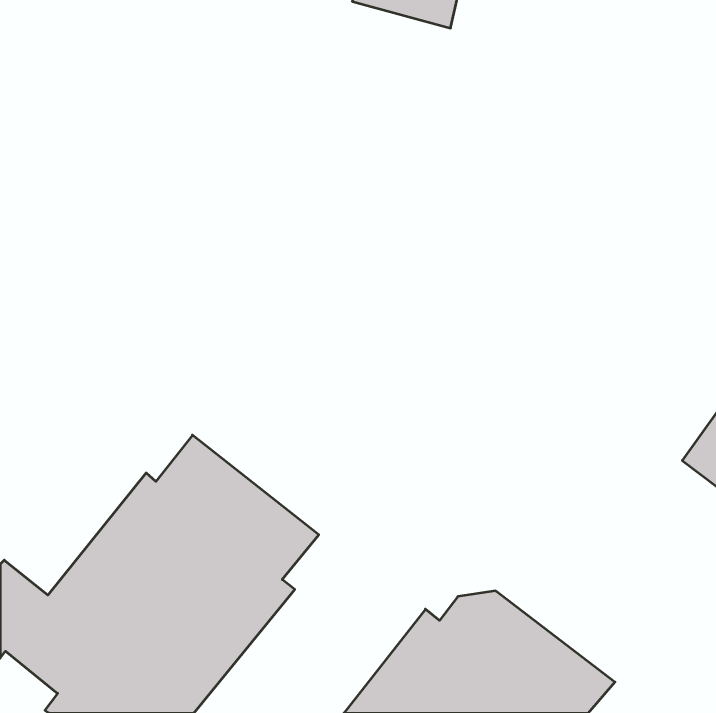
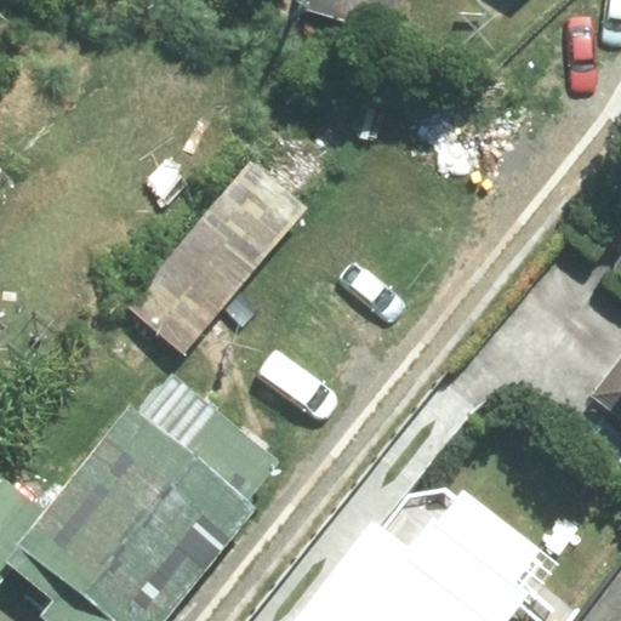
building: none -> [130,166,301,354]

